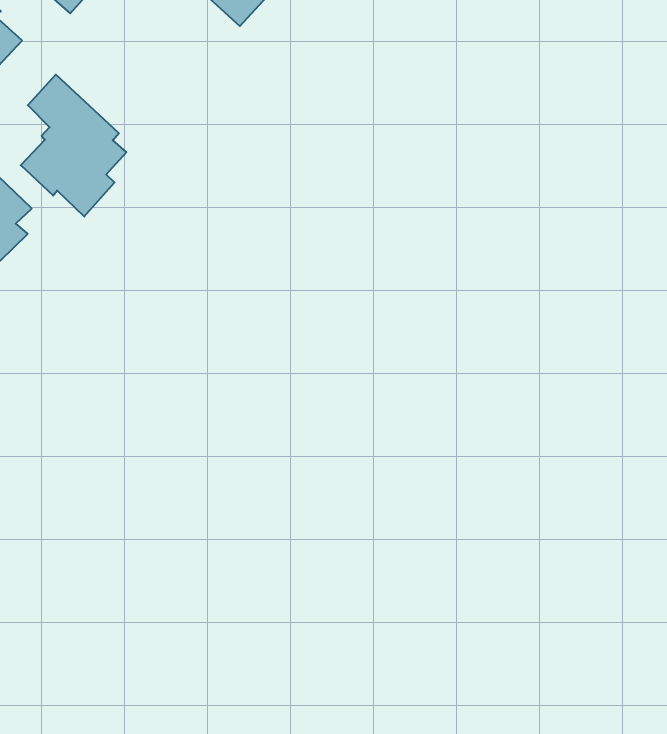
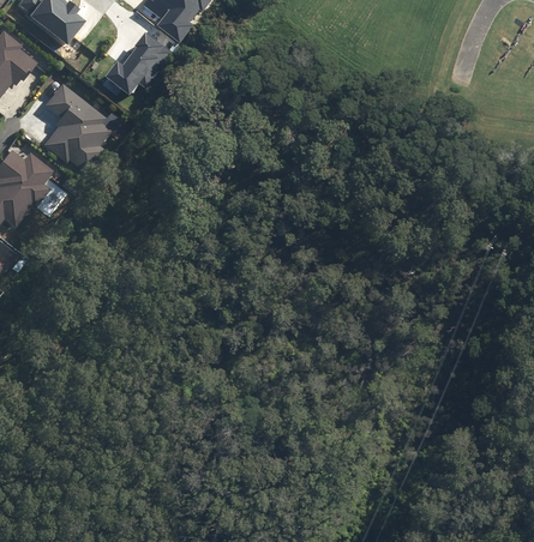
building: none -> [106,32,170,92]

